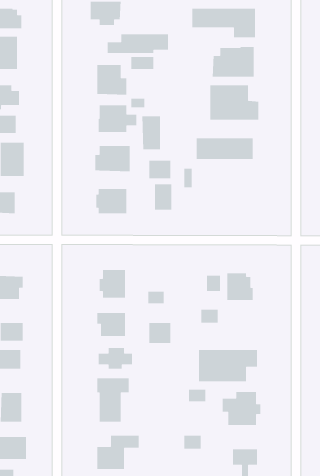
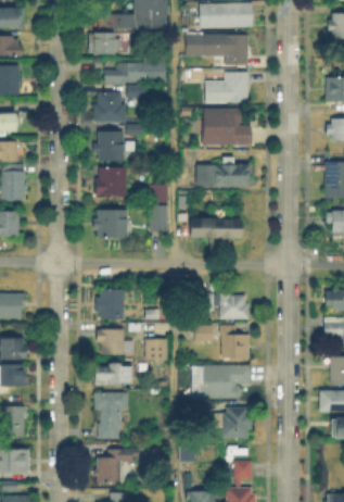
building: [141,115,161,150] -> none
building: none -> [192,218,240,237]
building: none -> [221,326,250,359]

